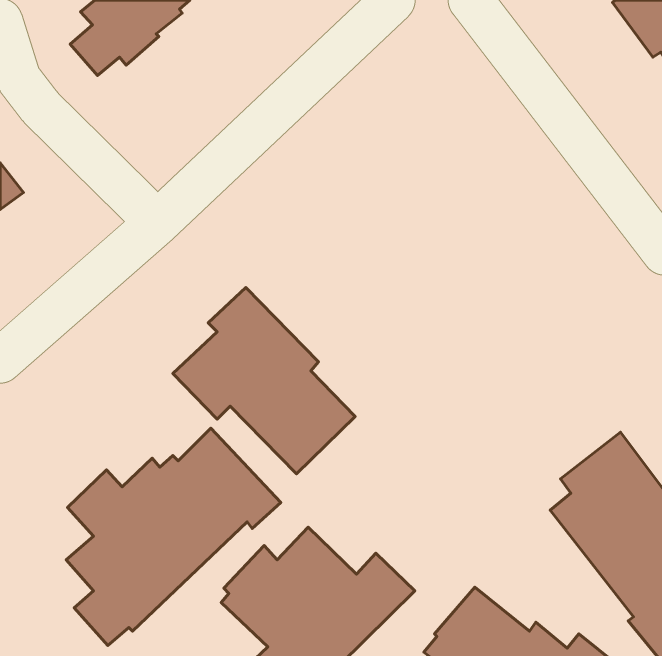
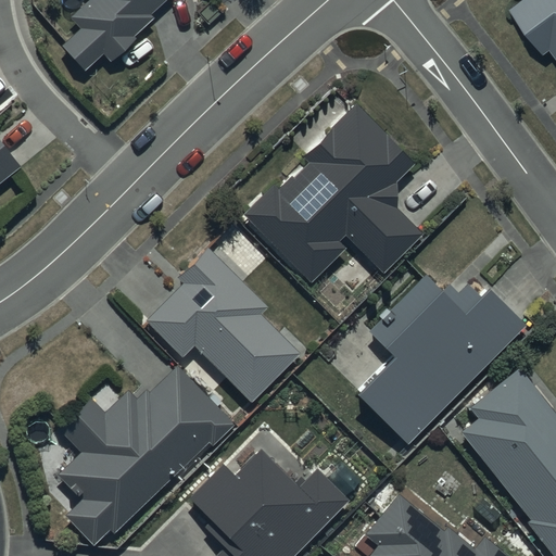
building: none -> [244,102,422,282]
building: none -> [355,274,526,443]

